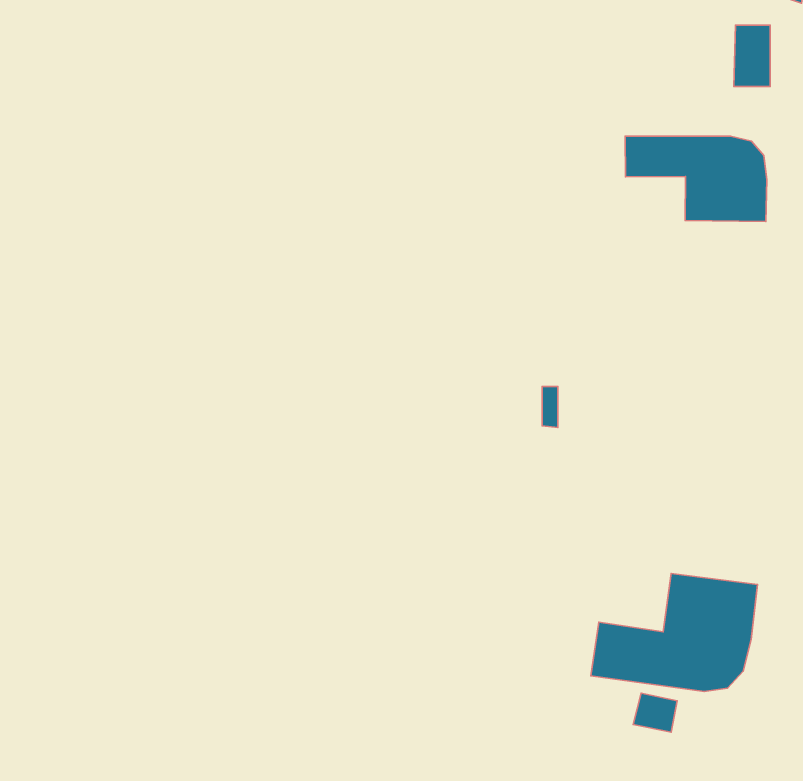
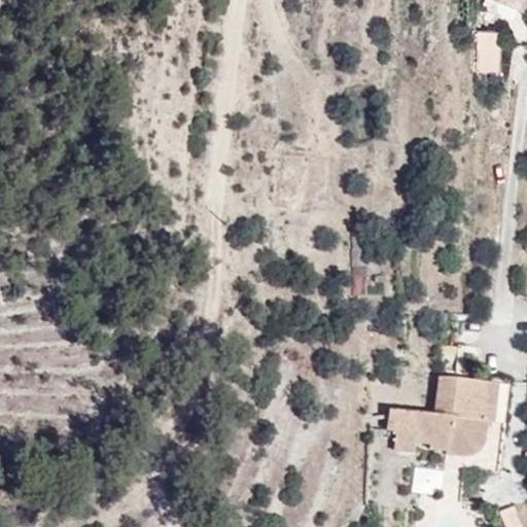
building: [625,136,767,221] -> none

